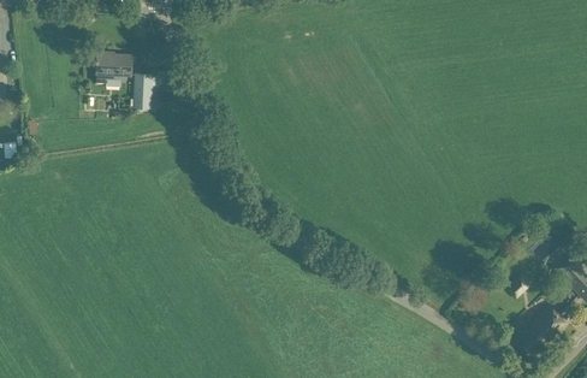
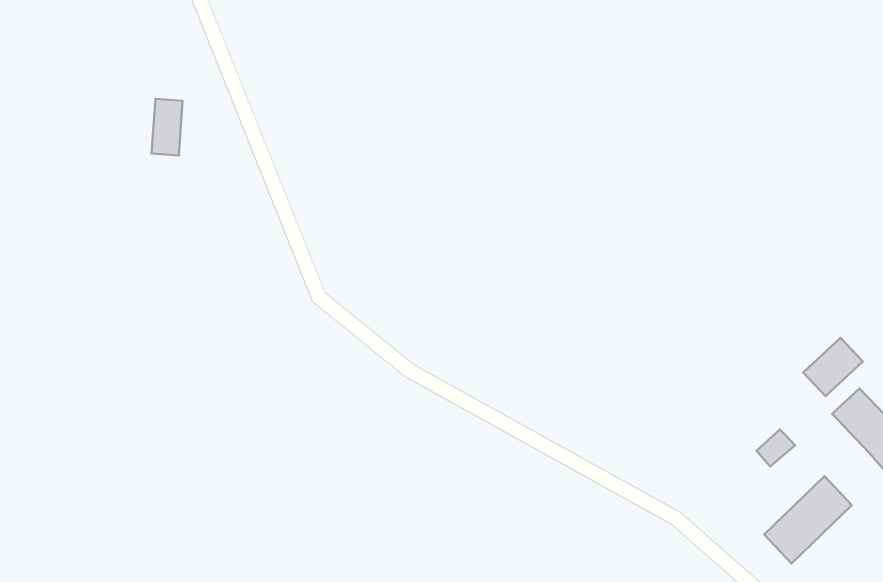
building: [96,52,131,82] -> none
building: none -> [803,338,863,396]

